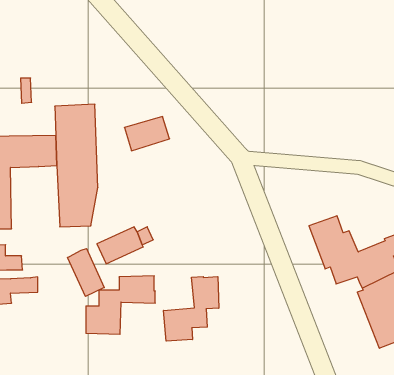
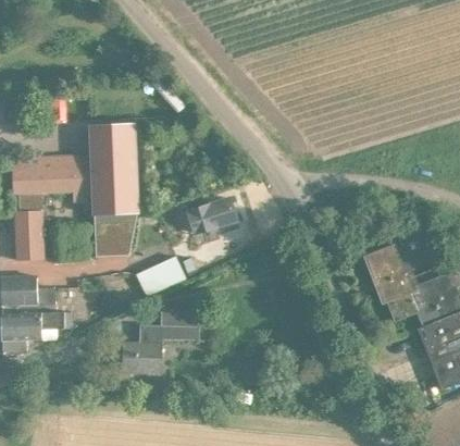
building: [124,117,170,151] -> [187,199,236,236]
building: [68,249,104,296] -> none
building: [164,277,219,341] -> none

